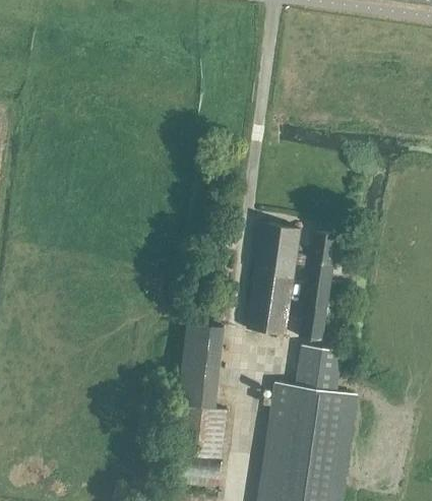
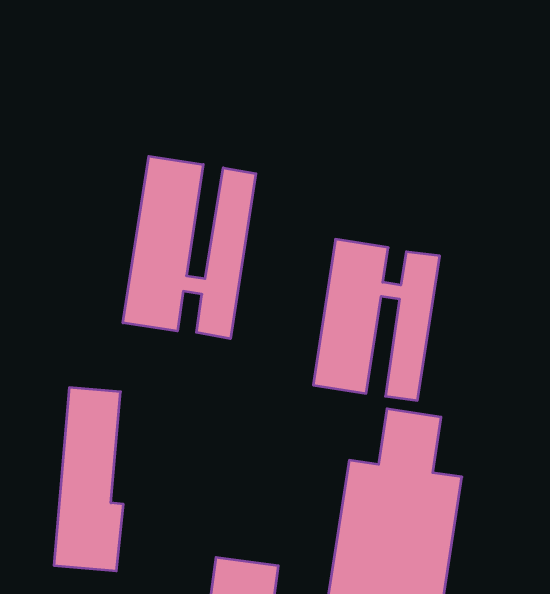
building: none -> [123,156,256,339]
building: [178,321,229,455] -> [54,388,123,571]

